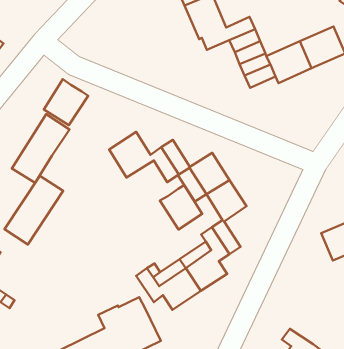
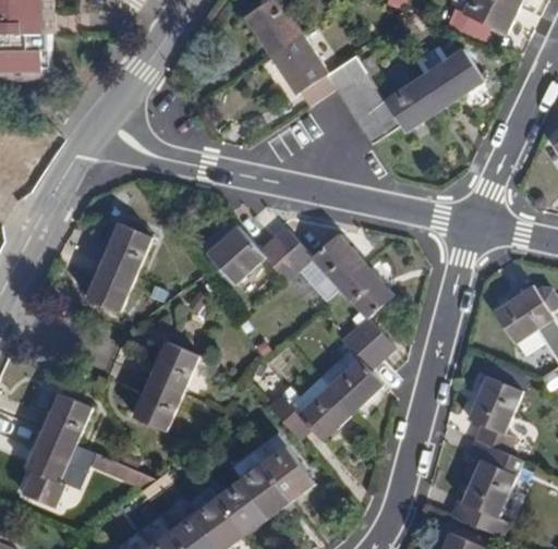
building: [44,79,88,125] -> none
building: [5,176,63,244] -> [133,342,198,431]
building: [160,185,202,230] -> none
building: none -> [468,377,521,454]

